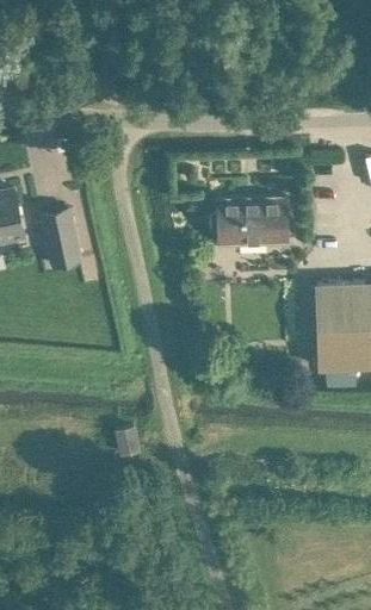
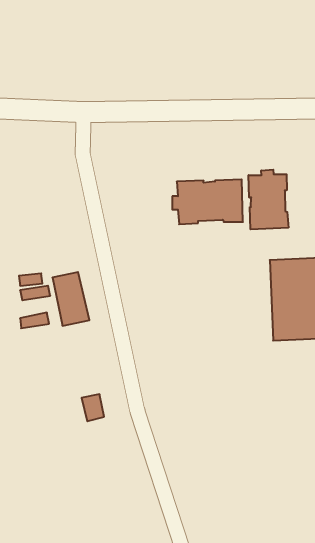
building: none -> [249,170,288,229]
building: [42,212,81,269] -> [52,272,89,326]

